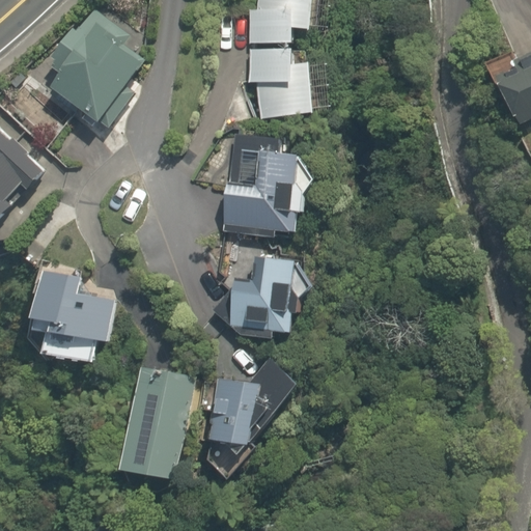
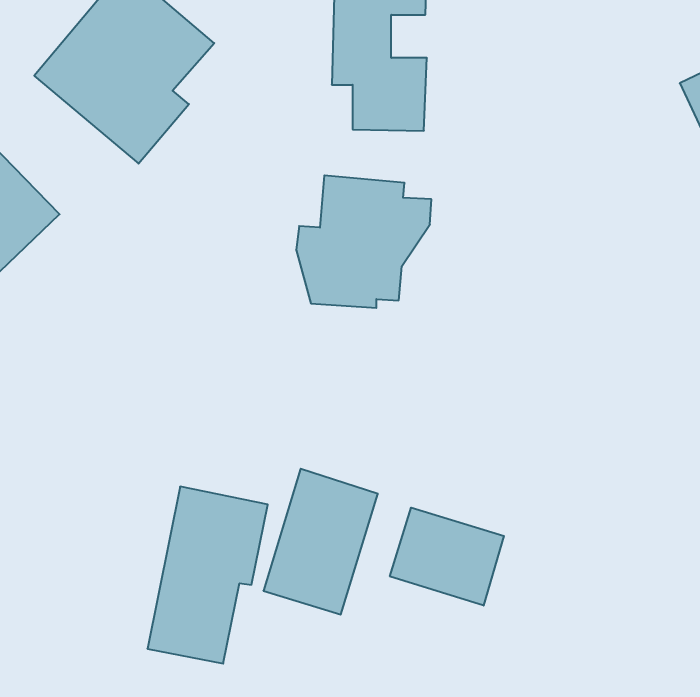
building: [227,254,291,347] -> none
building: [27,266,117,362] -> none
building: none -> [390,508,504,606]

